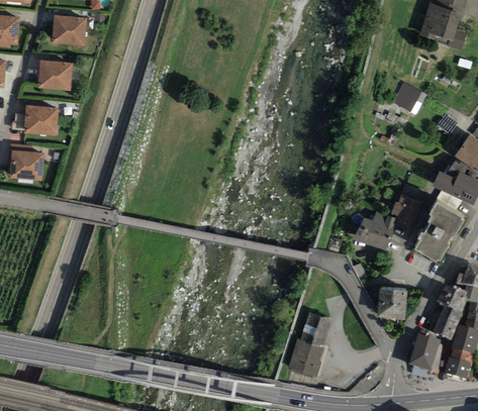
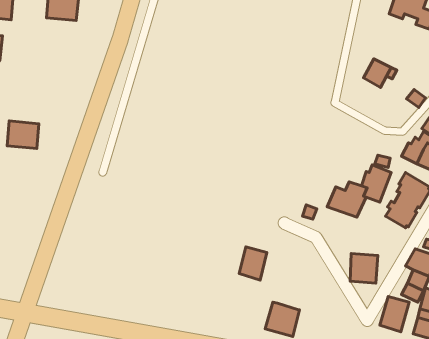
building: [41,59,76,88] -> none
building: [27,104,62,133] -> none
building: [300,313,329,348] -> [239,247,267,280]

